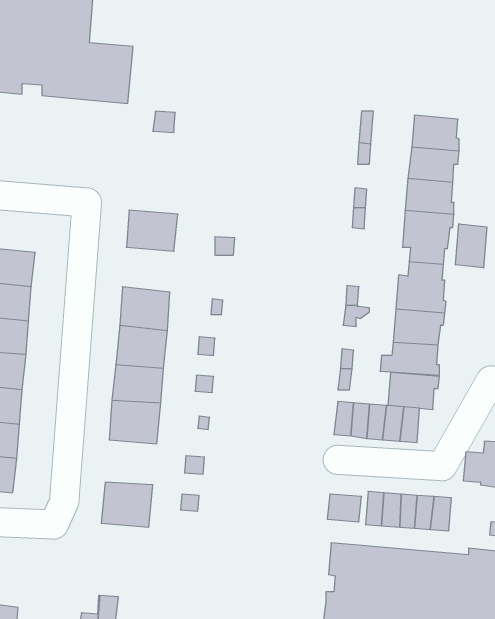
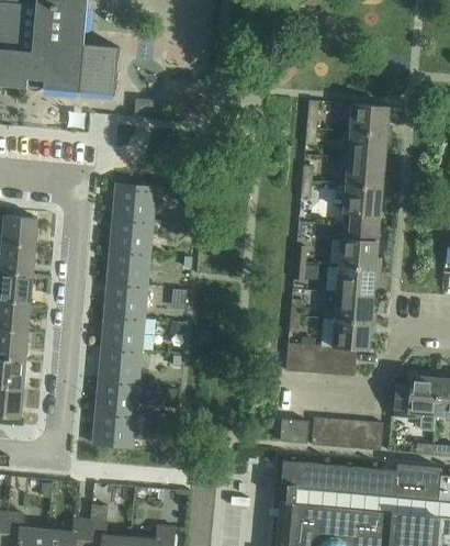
building: [456,224,487,268] -> none
building: none -> [110,214,153,252]
building: none -> [95,375,138,412]

